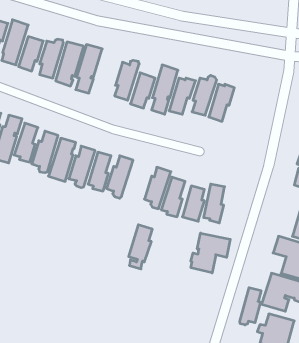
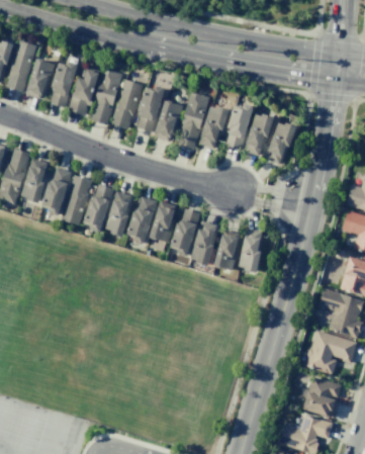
building: none -> [112,79,143,127]
building: none -> [265,122,297,164]
building: [129,225,152,269] -> [150,200,177,251]
building: [191,233,230,273] -> none
building: [240,288,261,325] -> none

